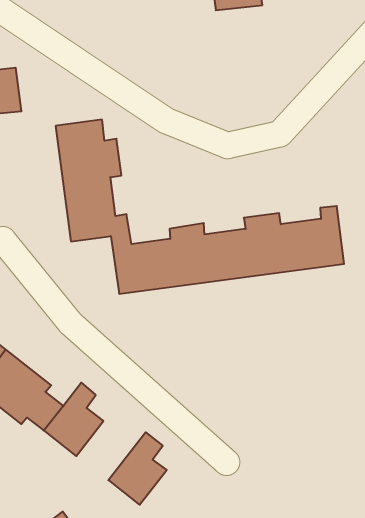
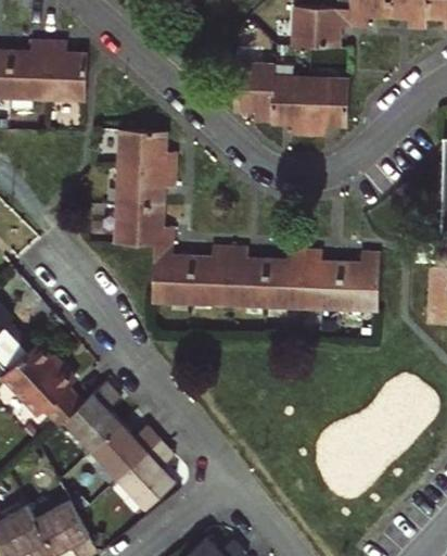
building: none -> [233,66,344,138]
building: none -> [89,421,159,479]

